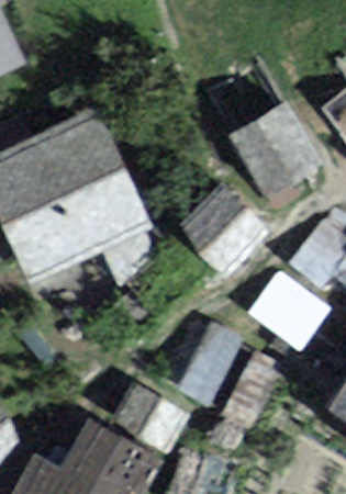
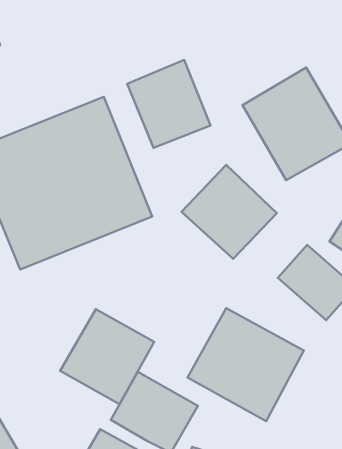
building: none -> [127,60,211,148]
building: none -> [60,309,154,404]

